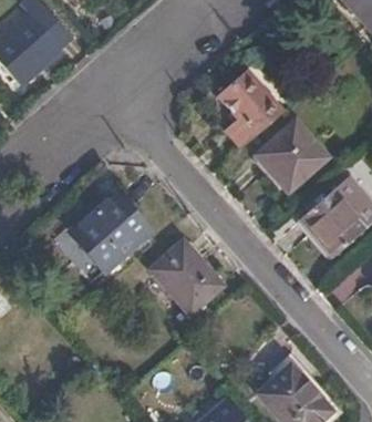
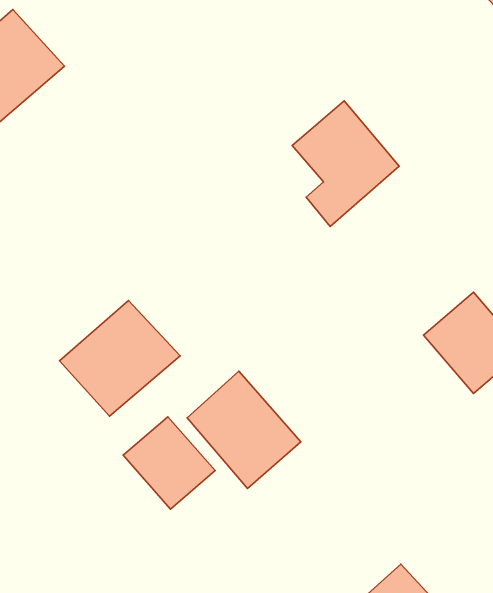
building: [256,117,329,188] -> none
building: none -> [123,417,215,509]

